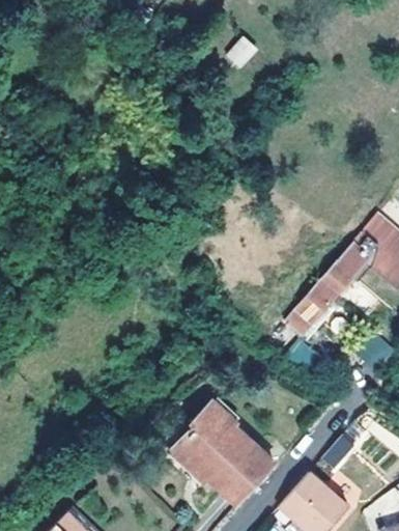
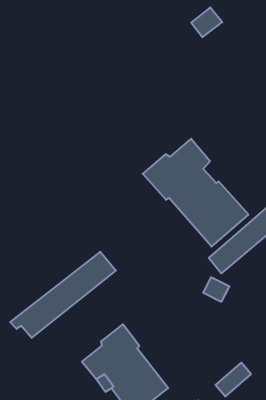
building: none -> [143,139,248,247]
building: none -> [10,252,116,338]

